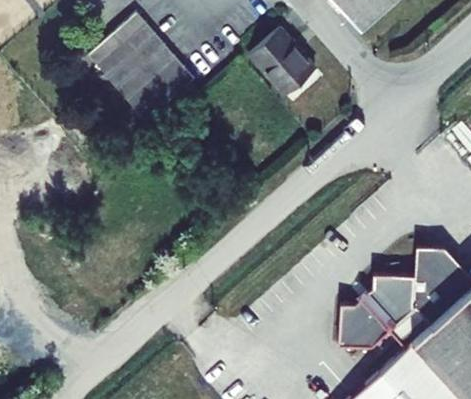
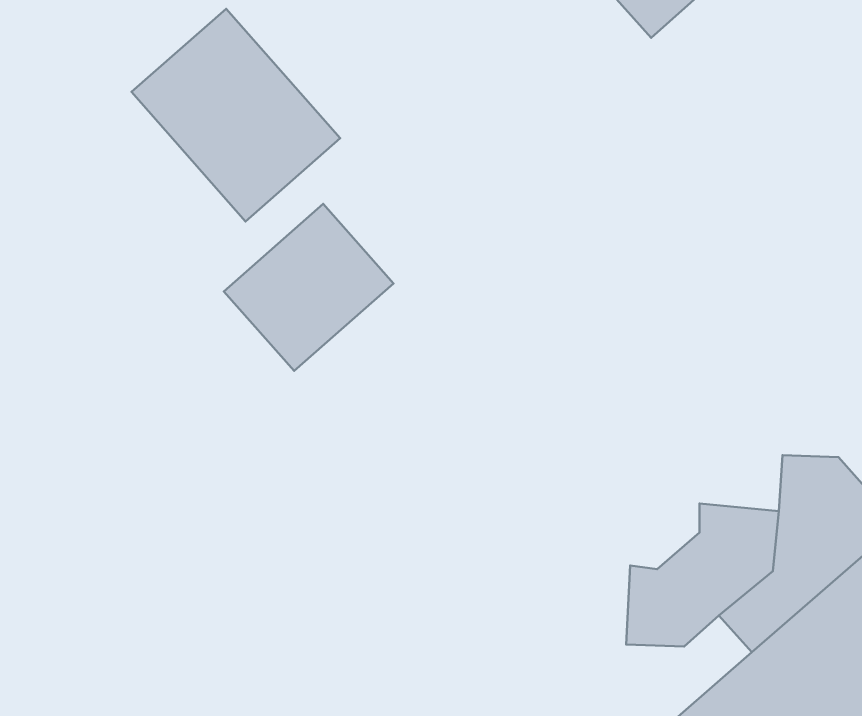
building: [249,28,315,95] -> none
building: none -> [224,204,394,371]

